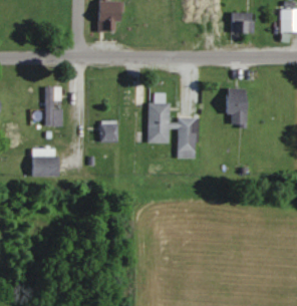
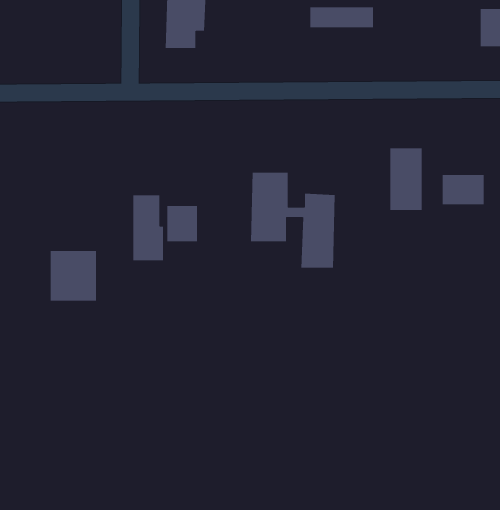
building: [232,11,254,32] -> none
building: [44,87,62,125] -> [132,195,164,261]
building: none -> [442,174,484,205]

